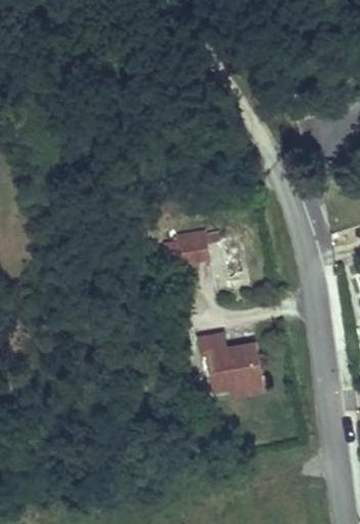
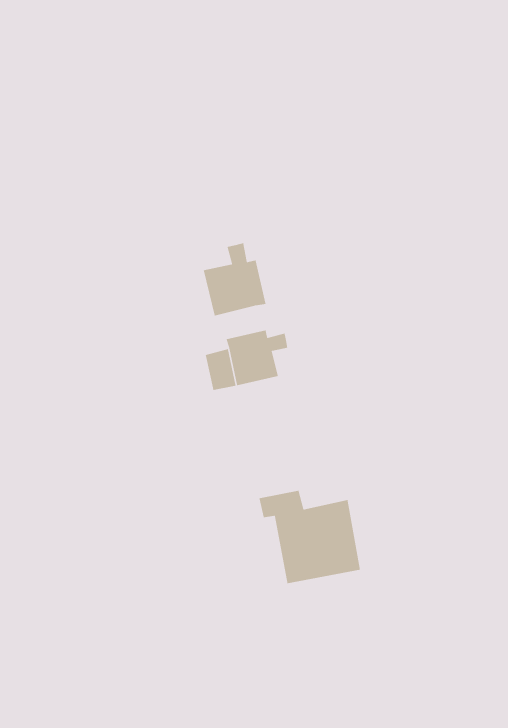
building: none -> [203,242,267,317]

